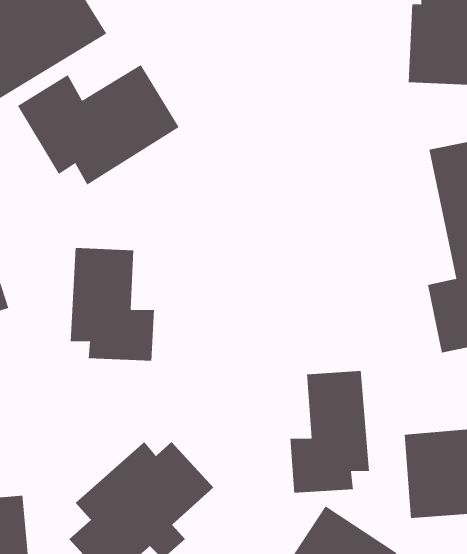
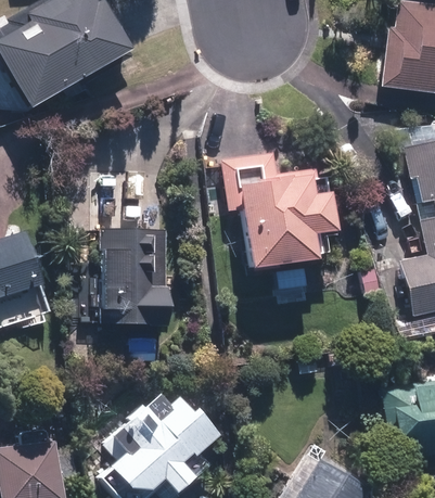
building: [17,64,180,185] -> none
building: none -> [221,157,336,297]
building: [290,370,369,494] -> none

